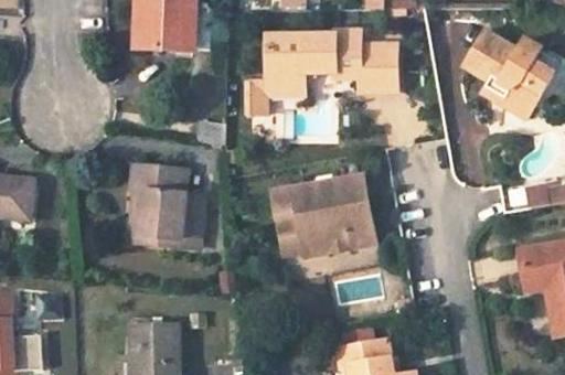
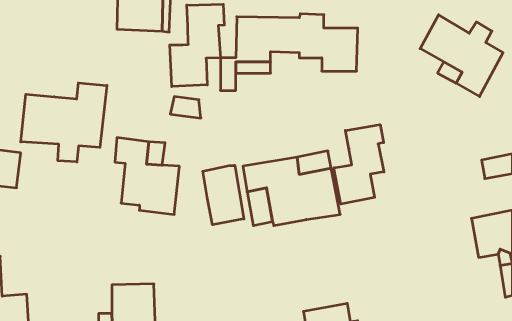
building: none -> [170,4,224,87]
building: none -> [21,83,107,162]
building: none -> [334,125,384,204]
building: none -> [203,165,244,225]

